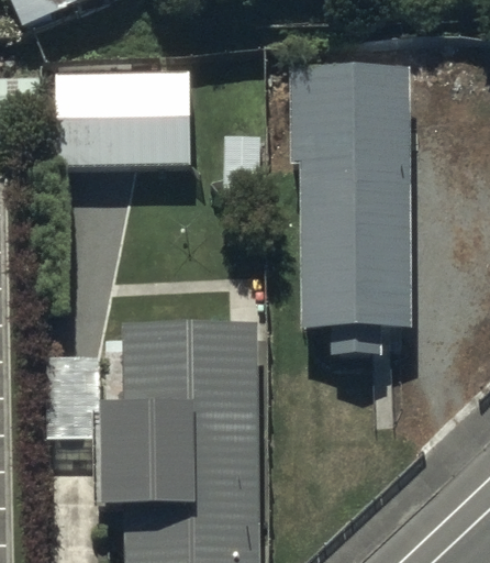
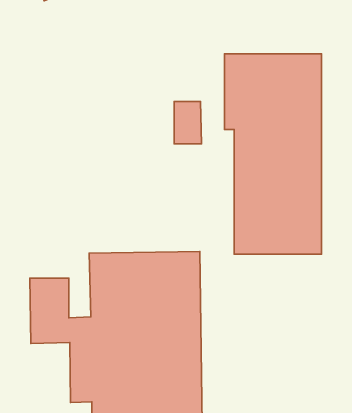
building: [55,85,192,176] -> none

